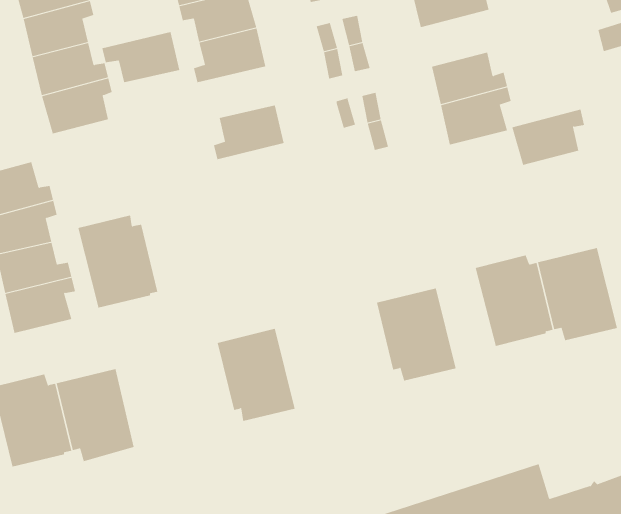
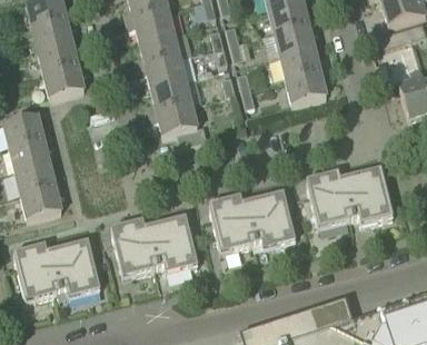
building: [102,32,180,83] -> [138,58,186,89]
building: [512,109,585,165] -> [274,23,318,58]
building: none -> [150,105,208,148]
building: [78,215,158,308] -> [111,220,160,277]
building: none -> [209,197,257,253]

